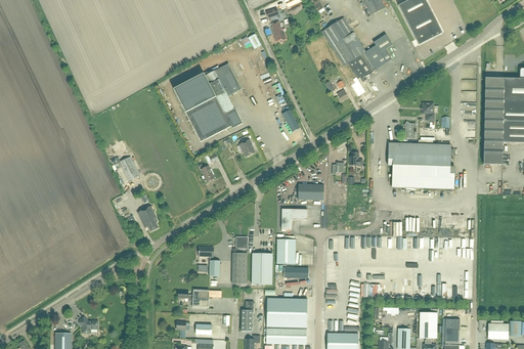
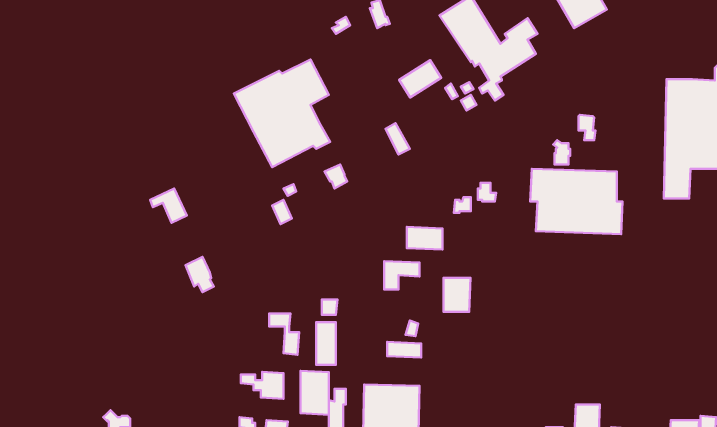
building: none -> [399,60,441,98]
building: [276,239,296,264] -> [444,278,471,312]
building: [252,253,272,285] -> [300,371,329,415]

